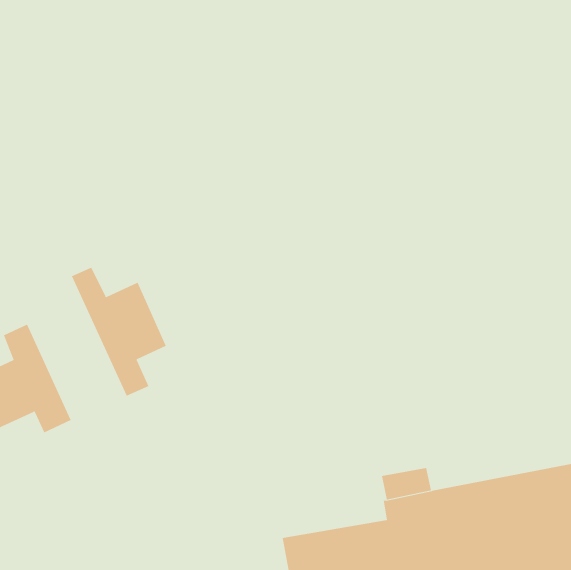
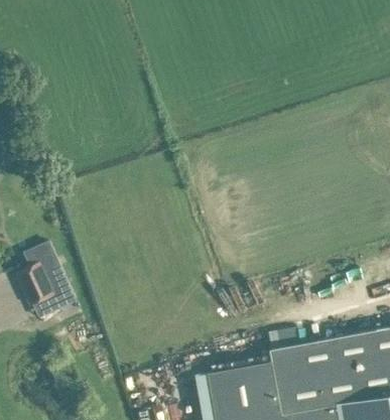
building: [71,267,166,396] -> none

